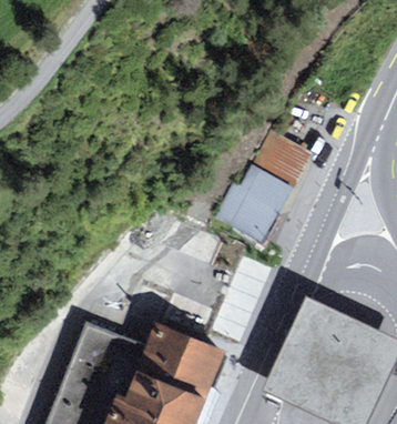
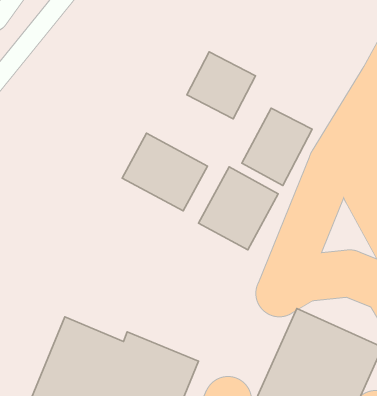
building: none -> [187,52,256,119]
building: none -> [122,133,207,211]

